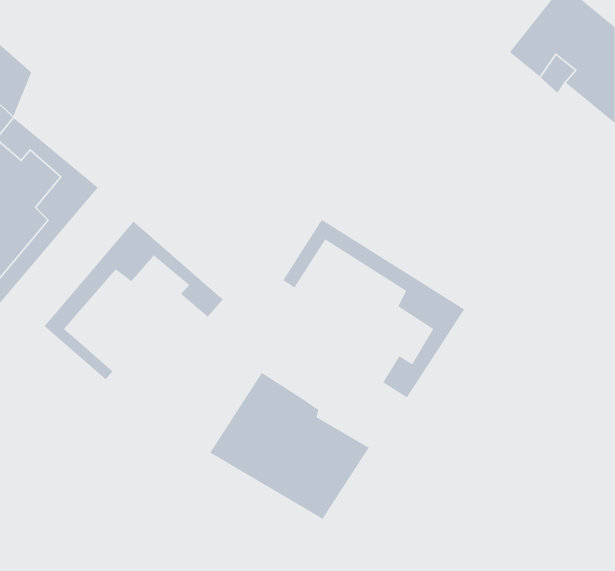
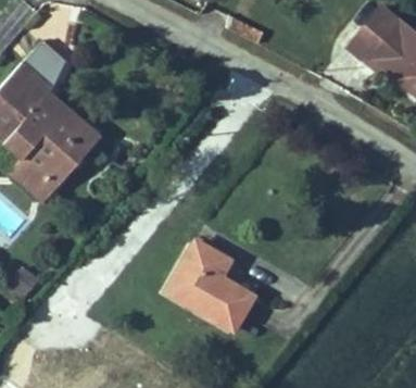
building: [282,219,465,399] -> none
building: [43,220,224,380] -> none

